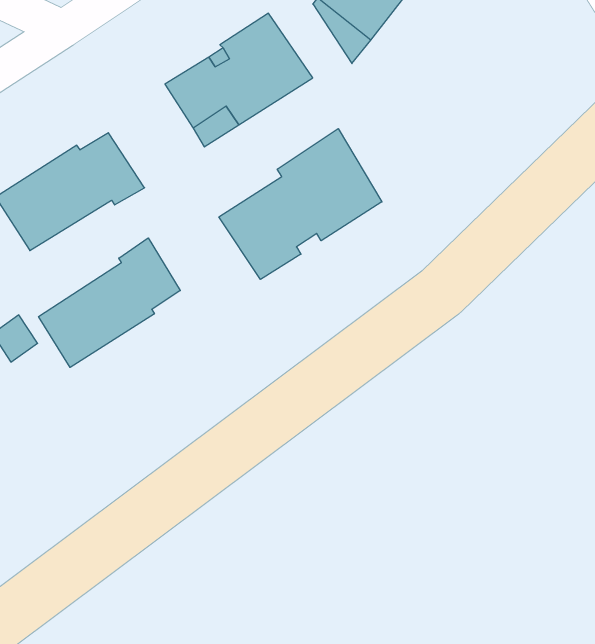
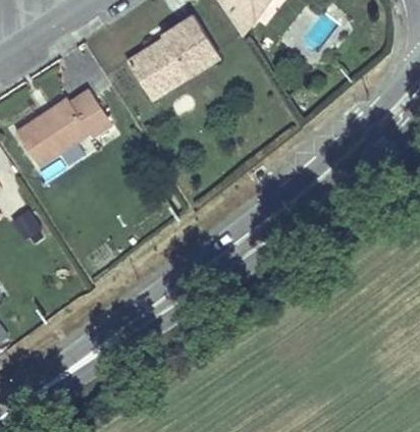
building: [219,129,382,279] -> none
building: [39,238,180,367] -> none

